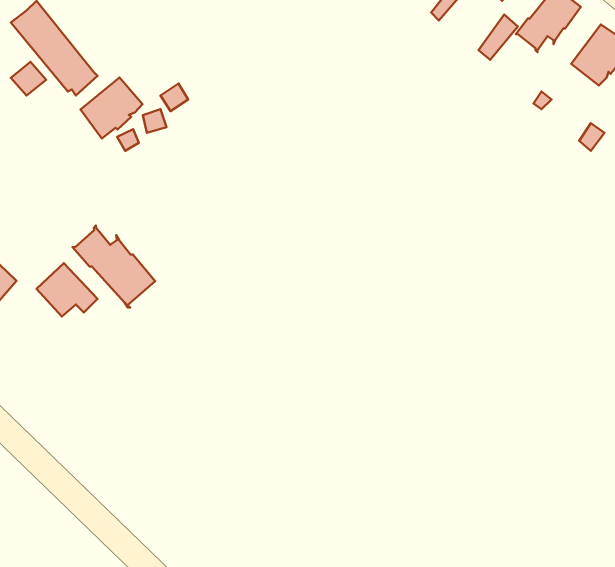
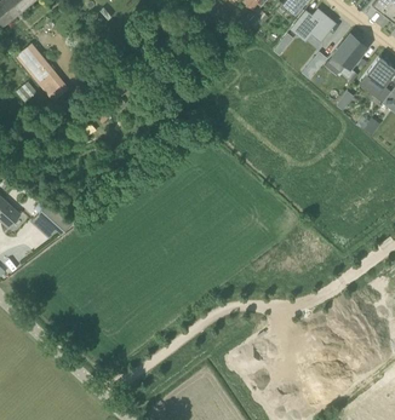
building: [80,77,143,139] -> none
building: [73,225,155,308] -> none

